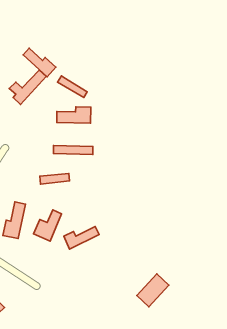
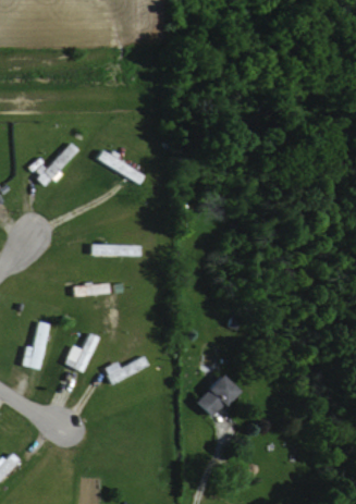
building: [23,48,56,77] -> none
building: [57,107,91,123] -> none
building: [137,274,169,307] -> [191,373,234,418]

